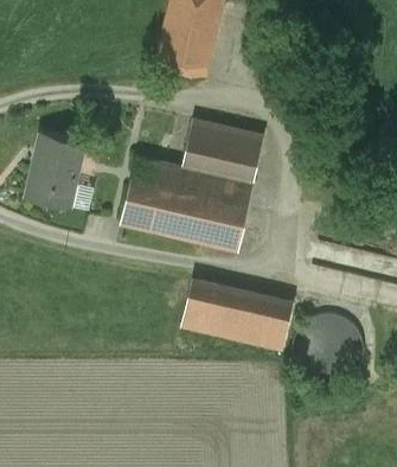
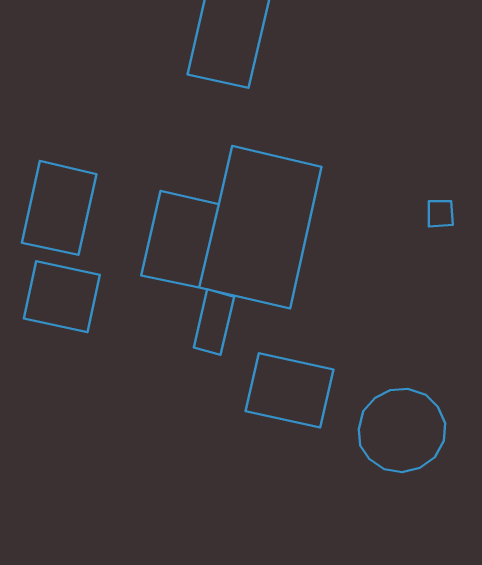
building: none -> [24,261,100,332]
building: [181,279,213,331] -> [194,289,234,355]
building: [262,298,293,348] -> none

